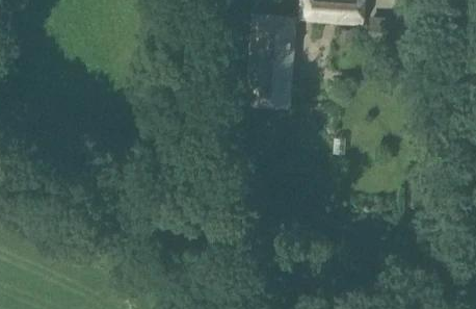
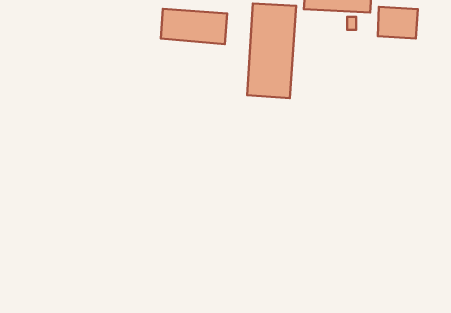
building: none -> [161,9,227,44]

